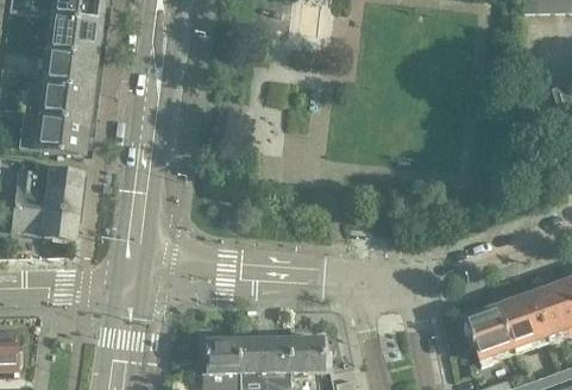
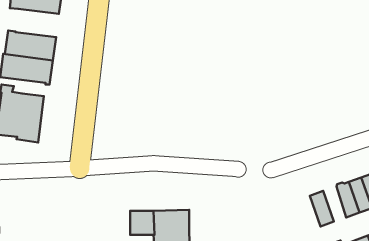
building: [42,50,103,90] -> none
building: [482,304,515,354] -> none
building: [290,338,325,372] -> none

